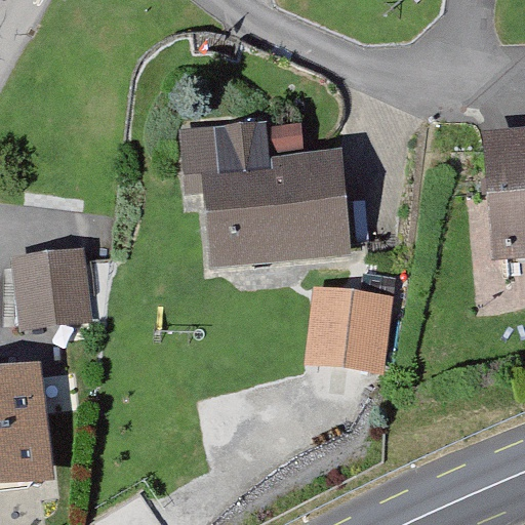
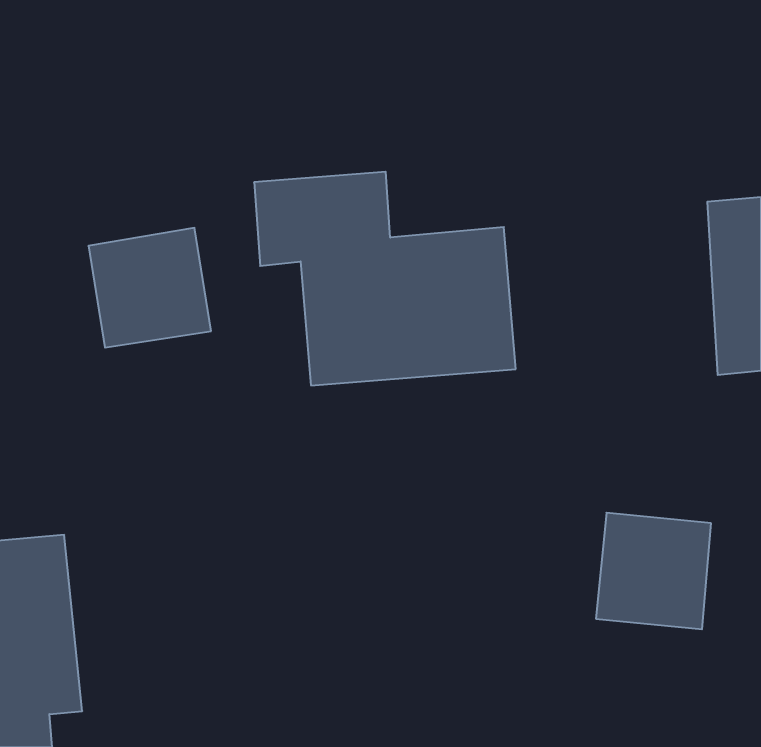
building: [7,250,91,332] -> [88,228,211,348]
building: [307,285,386,365] -> [596,513,711,629]

